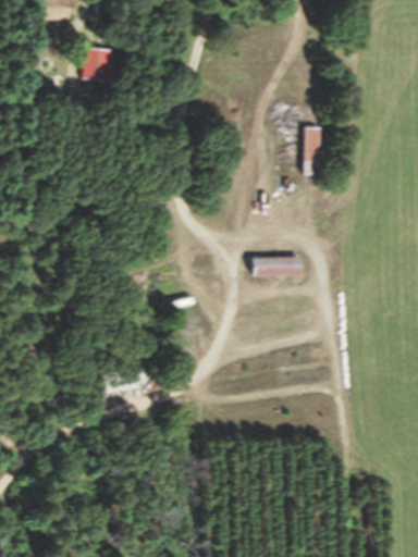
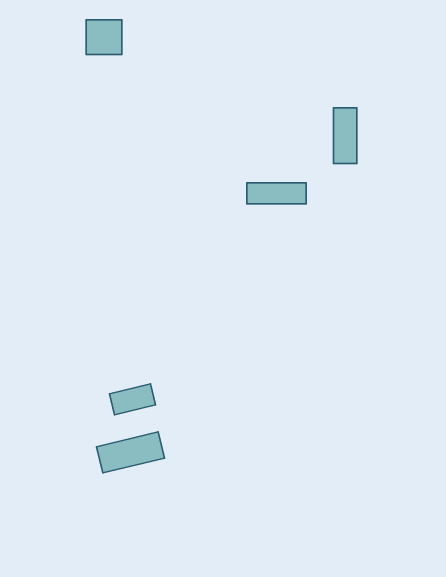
building: [248,257,300,275] -> [247,183,306,204]
building: none -> [96,432,164,473]

